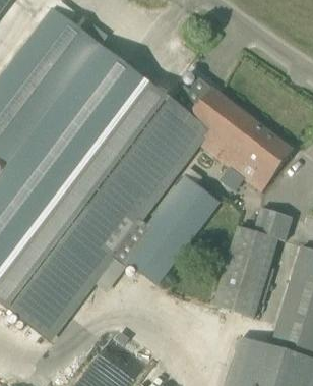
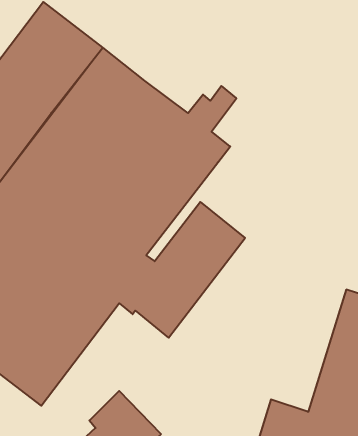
building: [191,89,294,192] -> none
building: [212,210,292,319] -> none

